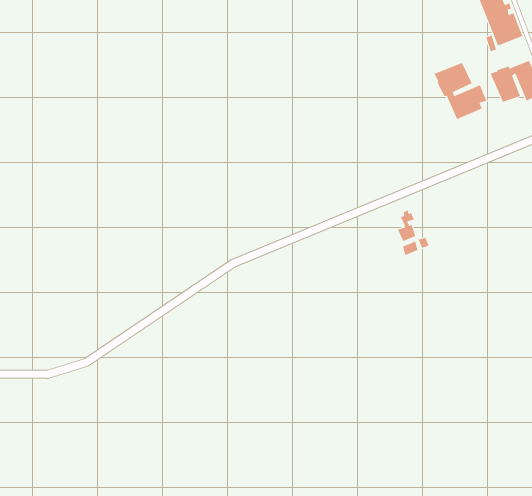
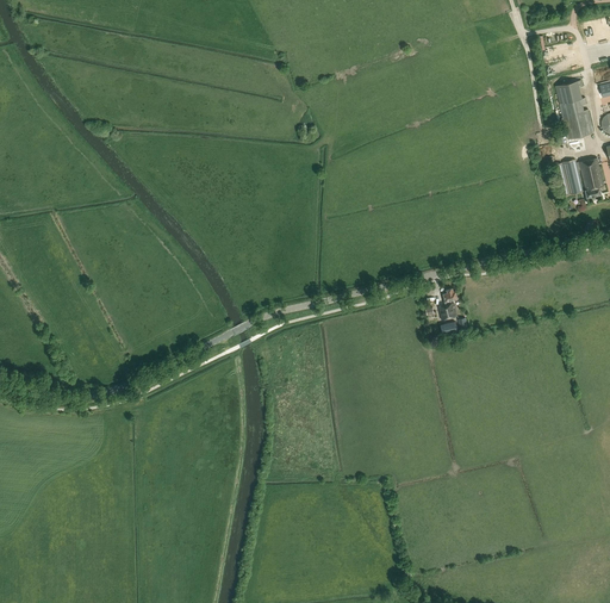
building: [434,62,487,120] -> none

